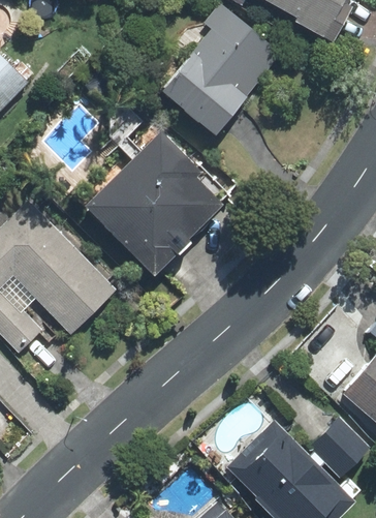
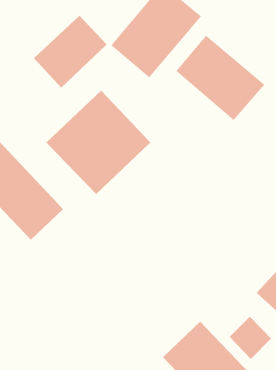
building: none -> [33,15,107,88]
building: none -> [175,35,265,121]

